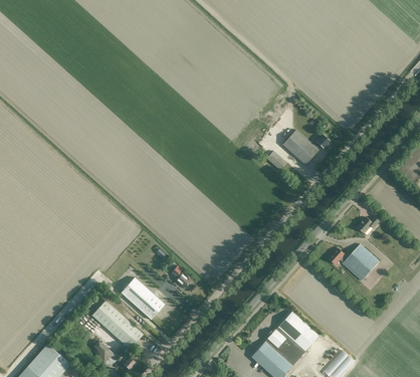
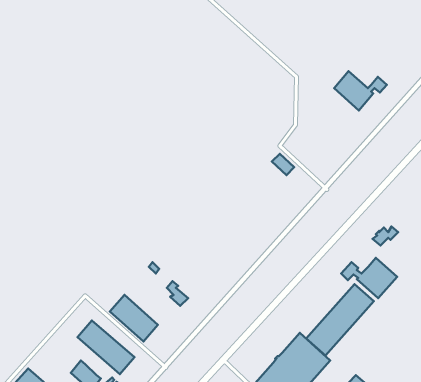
building: [282,130,330,165] -> [334,71,387,110]
building: none -> [306,284,374,355]

